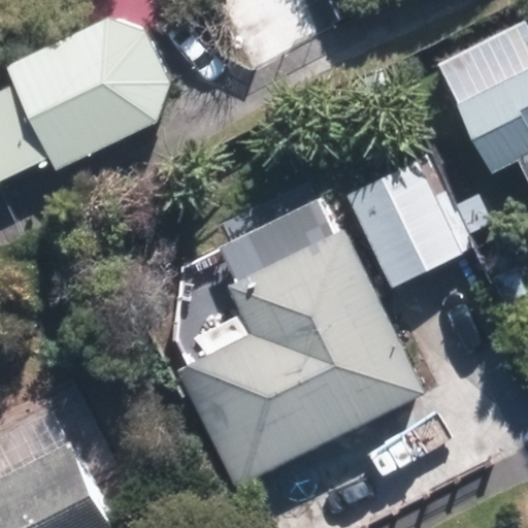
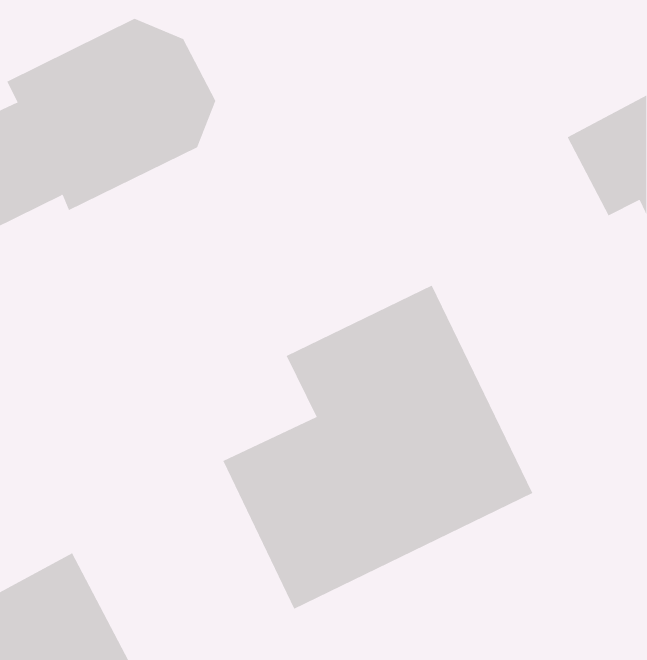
building: [346,159,462,287] -> none

